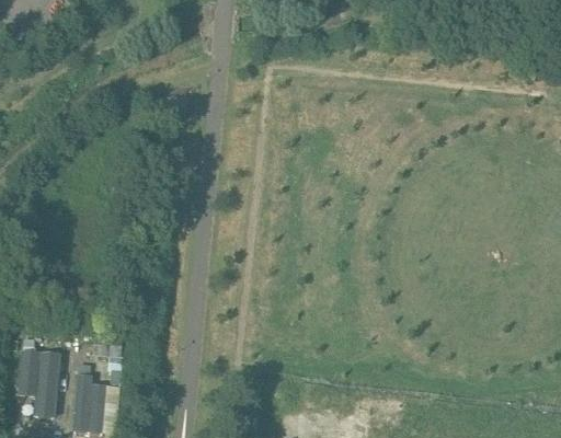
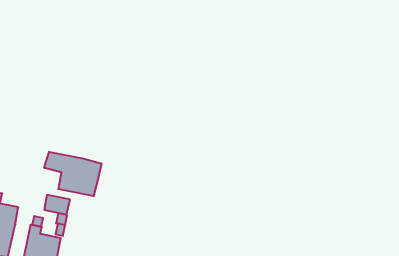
building: none -> [44,152,101,196]

